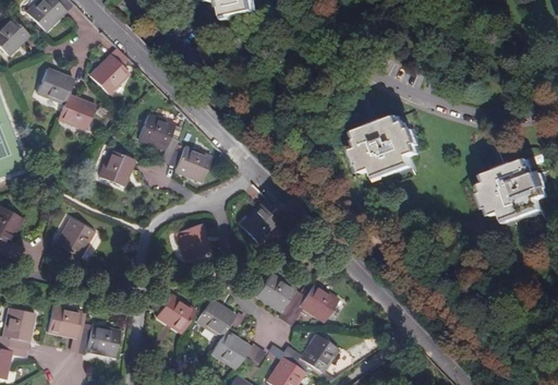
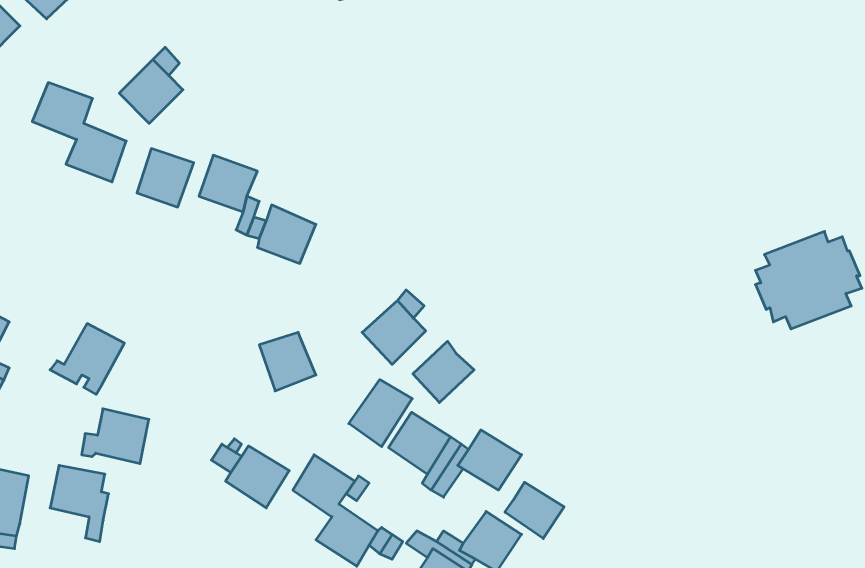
building: [352,118,417,179] -> none
building: [98,149,133,185] -> [137,149,194,207]
building: none -> [413,341,474,403]
building: none -> [349,380,412,447]
building: none -> [505,482,564,539]
building: [77,324,119,358] -> [82,409,149,464]

